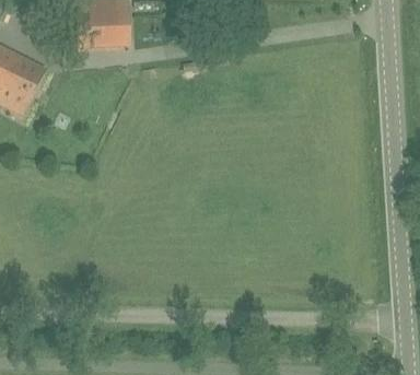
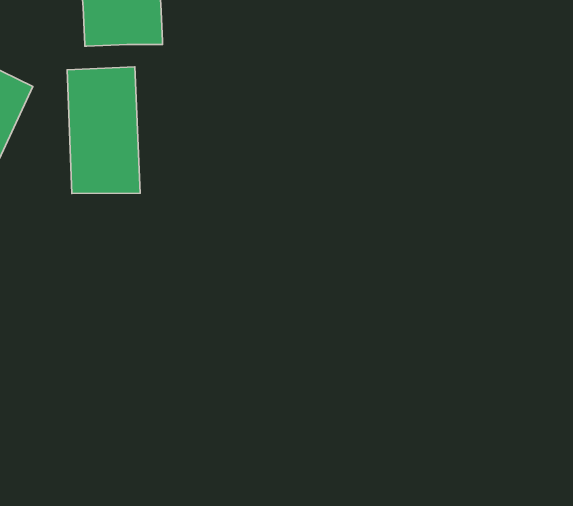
building: none -> [67,67,140,194]

